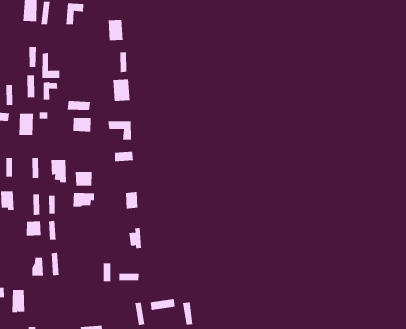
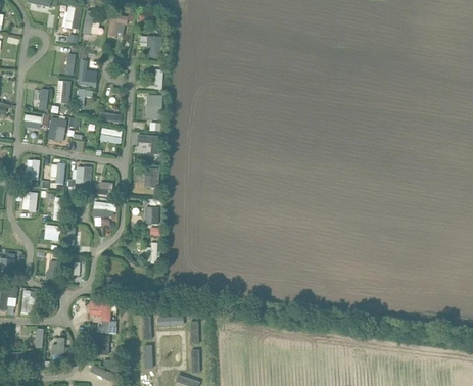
building: none -> [89,301,111,332]

